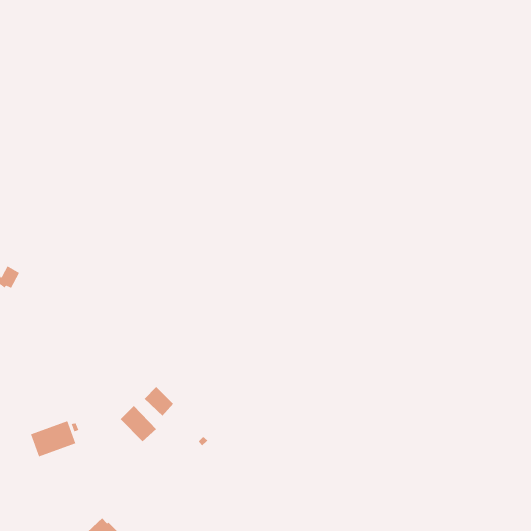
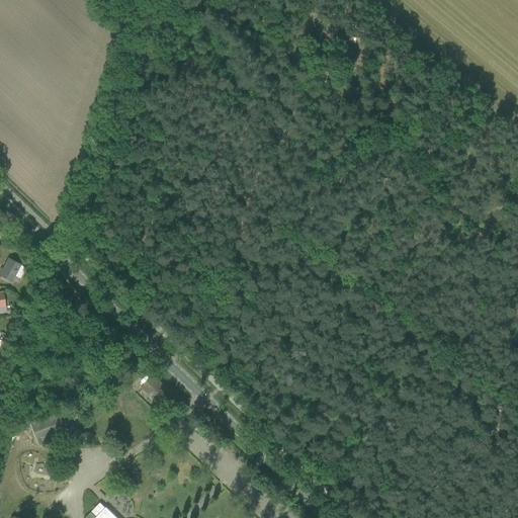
building: [120,405,157,442] -> none

